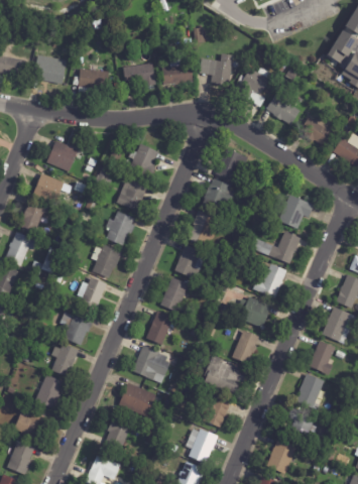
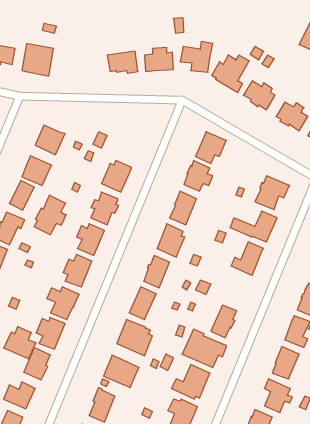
building: [78,68,108,94] -> none
building: [129,143,159,179] -> none
building: none -> [34,195,66,235]
building: [236,296,271,328] -> none
building: none -> [4,326,36,359]

